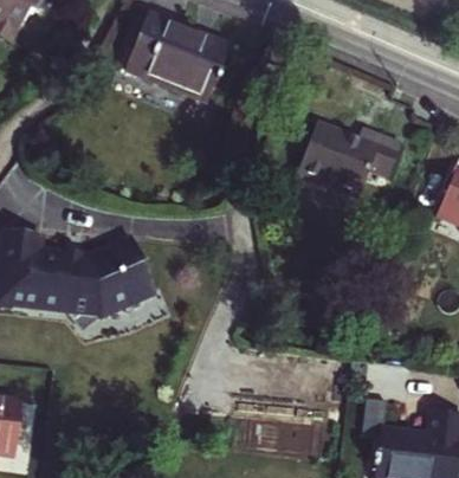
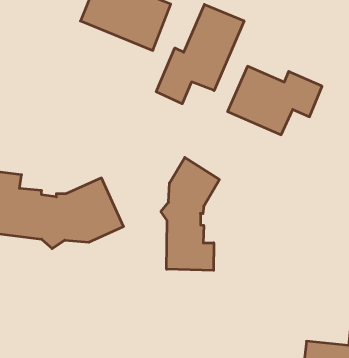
building: none -> [156,4,244,104]
building: none -> [161,157,219,270]

